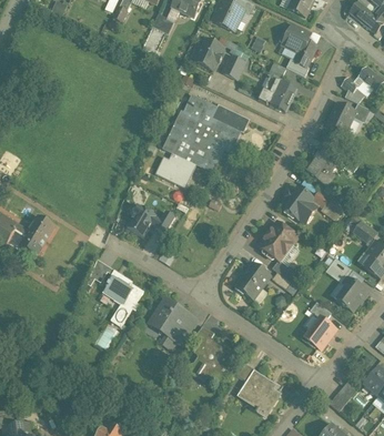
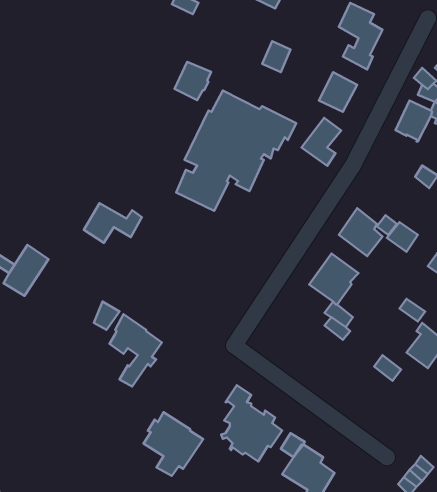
building: [194,39,223,69] -> [174,62,211,100]
building: [306,148,337,185] -> [302,118,341,166]
building: [127,204,172,235] -> [84,203,142,243]
building: [234,261,270,298] -> none
building: [150,298,196,348] -> [144,412,203,476]
building: [304,317,335,348] -> none

